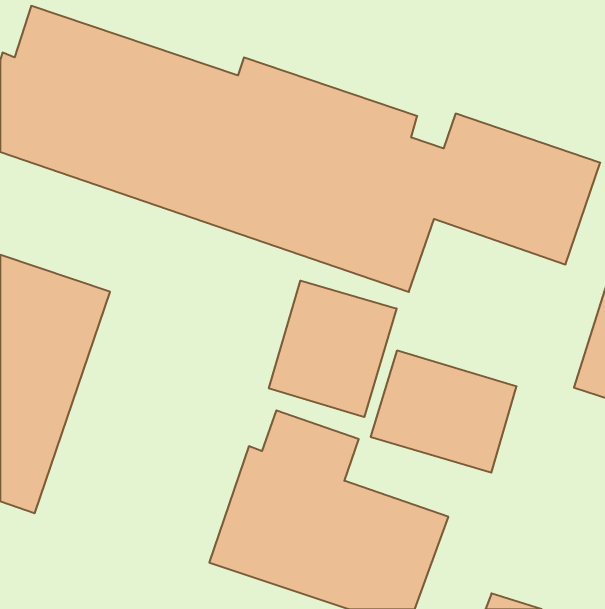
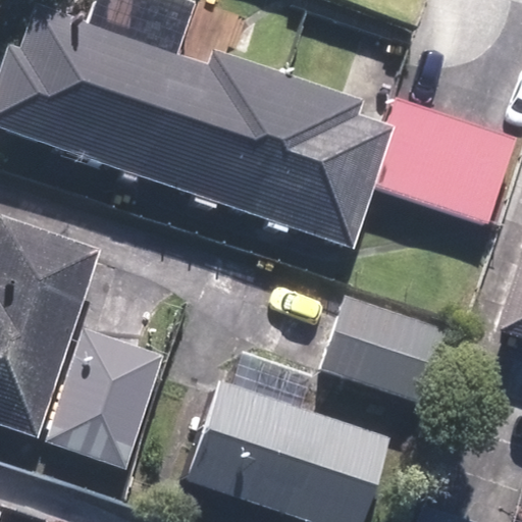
building: [269,281,397,417] -> none
building: none -> [45,330,162,468]

